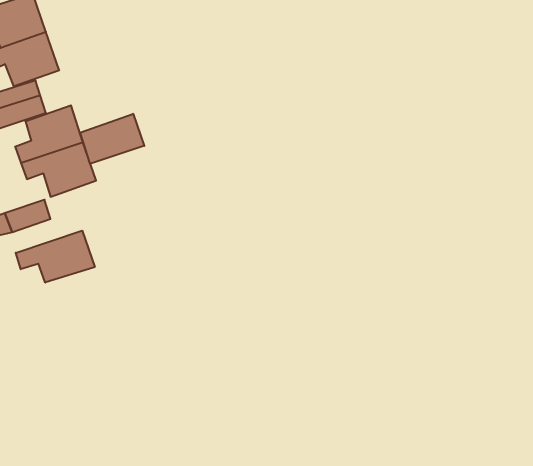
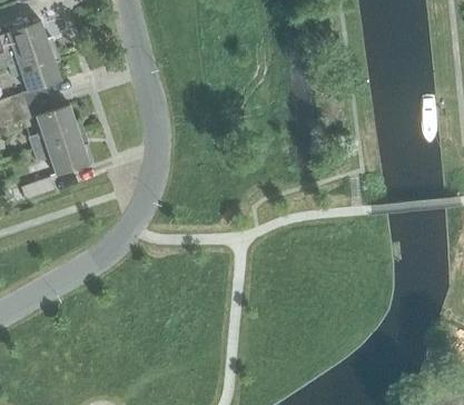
building: [80,114,144,164] -> none
building: [16,231,95,283] -> none

